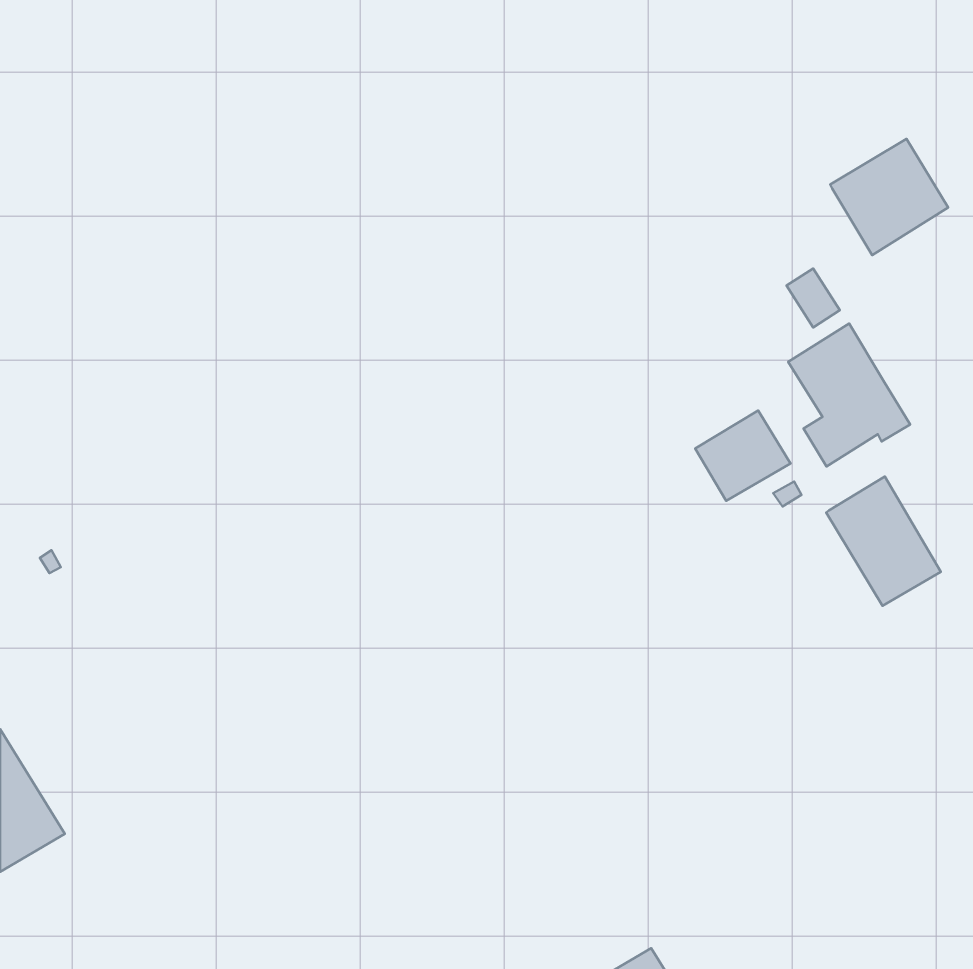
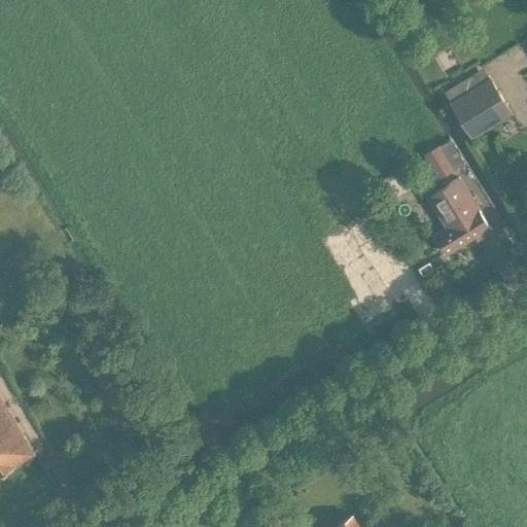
building: [695,411,790,501] -> none
building: [826,477,941,606] -> none

